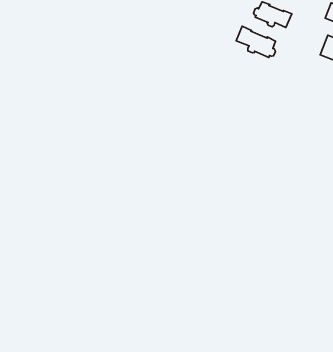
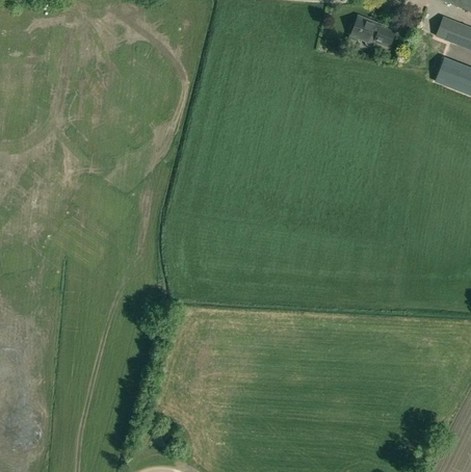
building: [236,26,276,57] -> none

